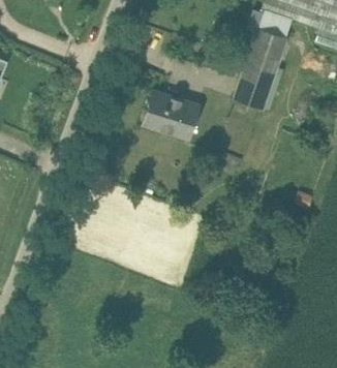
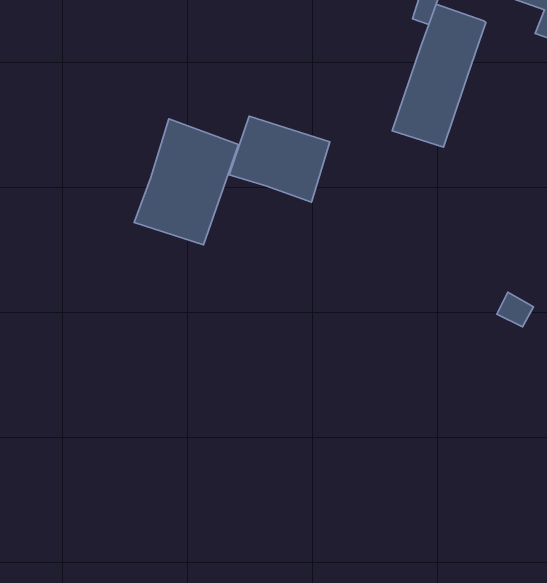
building: none -> [134,119,238,245]

